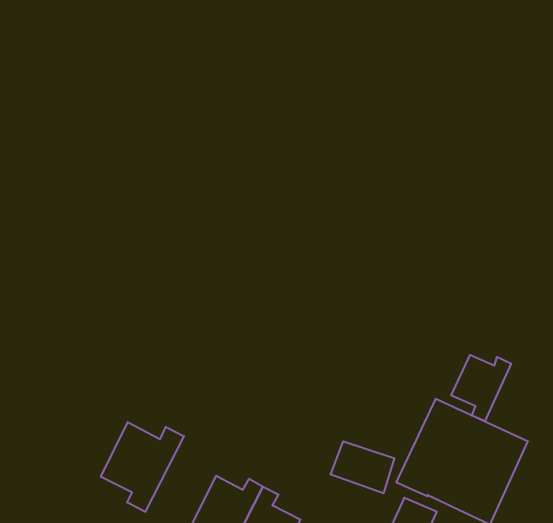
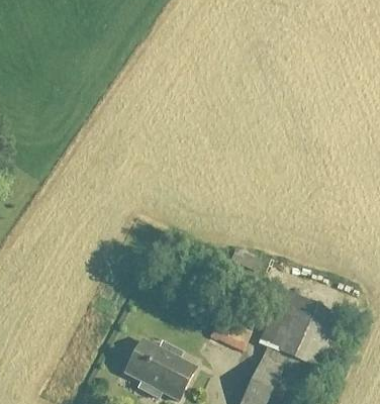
building: [451,355,511,421] -> none
building: [101,422,184,512] -> none

